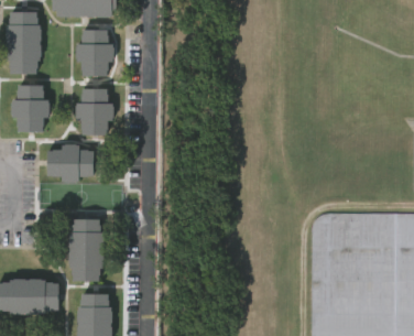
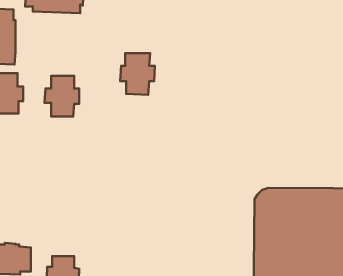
building: [75,31,115,78] -> [120,53,155,95]
building: [45,144,92,182] -> none
building: [67,218,101,281] -> none

